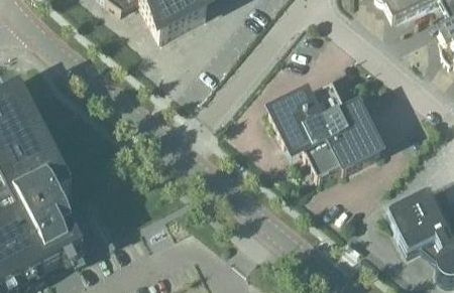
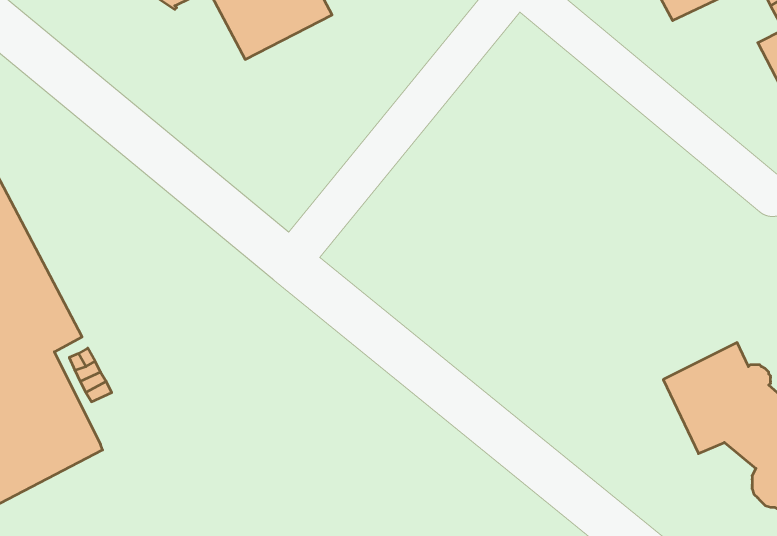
building: [272,80,383,174] -> none

